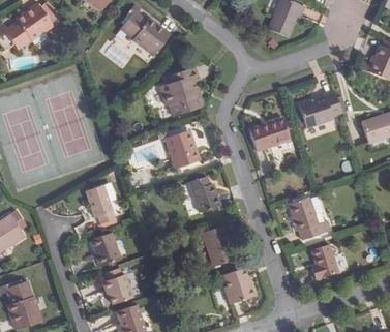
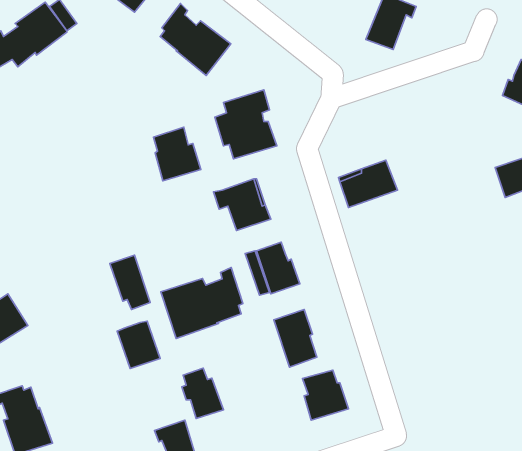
building: [298,90,341,127] -> none
building: none -> [154,127,201,181]
building: none -> [161,267,243,339]
building: [289,195,330,240] -> none
building: [310,244,338,279] -> none
building: [102,268,132,304] -> [182,368,223,418]

